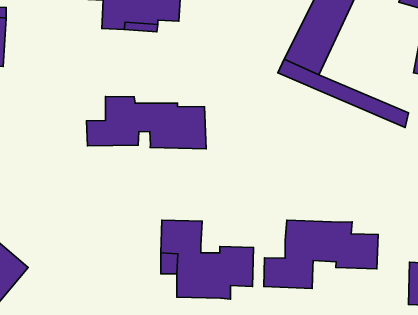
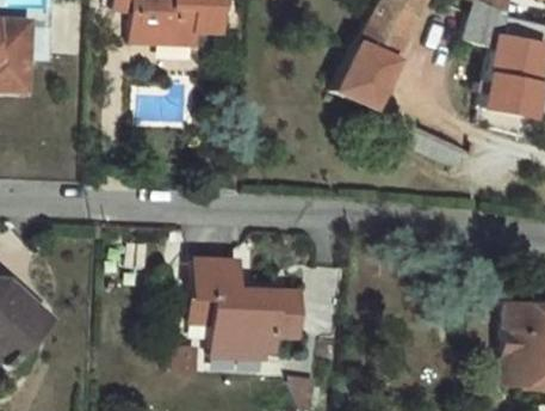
building: [86,97,206,149] -> none
building: [264,220,378,288] -> none

